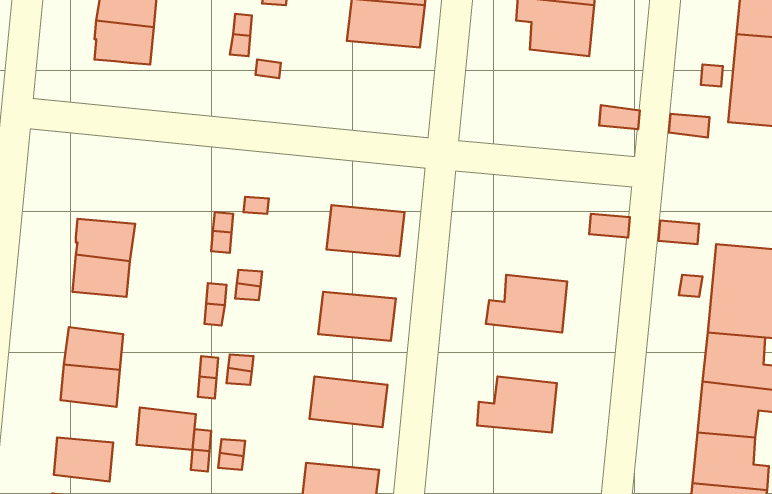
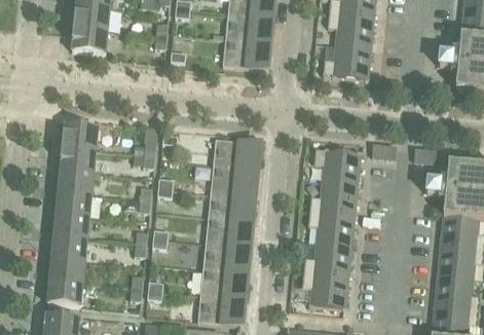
building: none -> [223,39,269,70]
building: none -> [323,44,372,79]
building: none -> [62,123,99,150]
building: none -> [314,149,362,185]
building: none -> [211,165,257,195]
building: none -> [57,191,91,217]
building: none -> [308,211,356,247]
building: none -> [206,217,252,248]
building: [136,408,196,450] -> [49,257,85,283]
building: none -> [200,268,247,299]
building: none -> [302,272,349,309]

